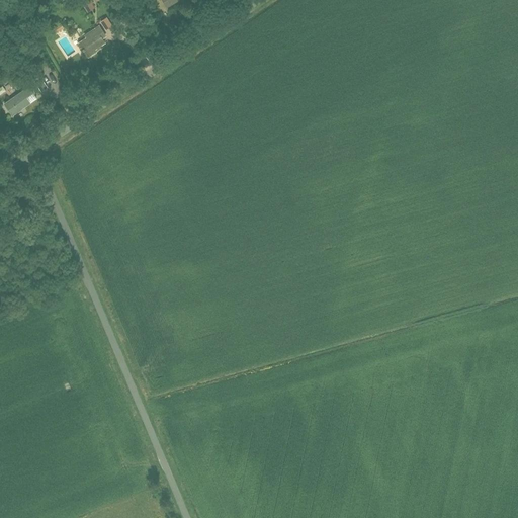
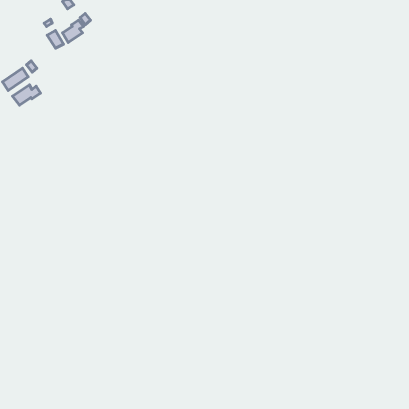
building: none -> [12,85,40,105]

